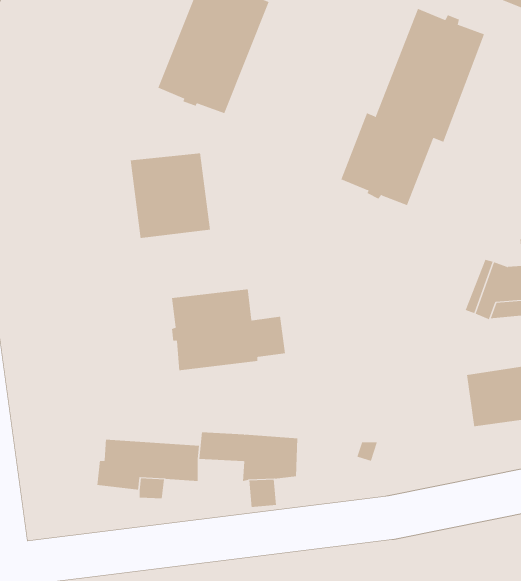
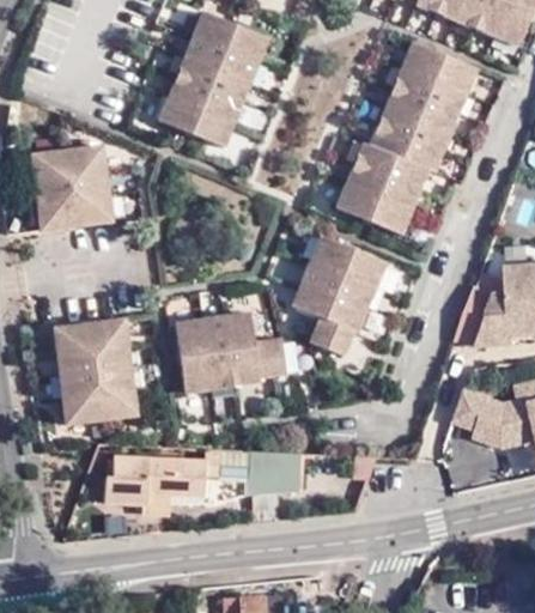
building: [130,153,211,239] -> [32,146,110,229]
building: none -> [292,236,385,356]
building: none -> [54,318,134,421]

